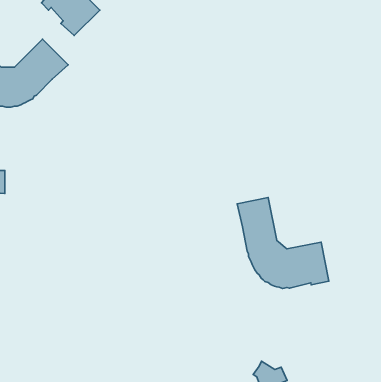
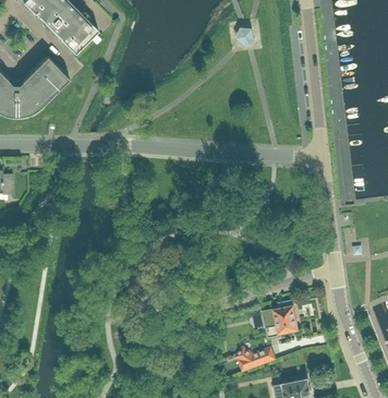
building: [237,198,329,288] -> none
building: none -> [263,299,298,334]

